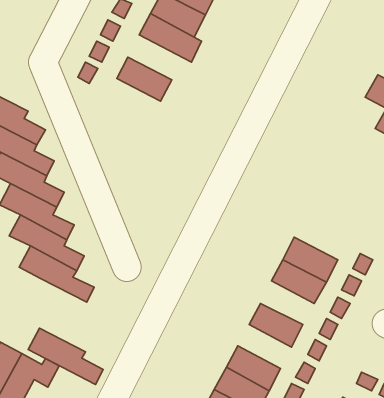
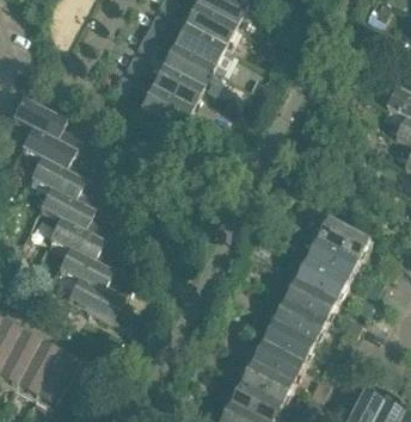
building: none -> [158,46,219,89]
building: none -> [135,88,189,132]
building: none -> [308,215,369,261]
building: none -> [284,281,336,323]
building: none -> [263,323,314,365]
building: [28,328,103,384] -> [63,279,135,333]

